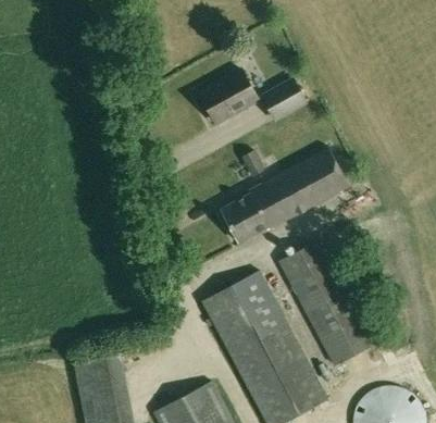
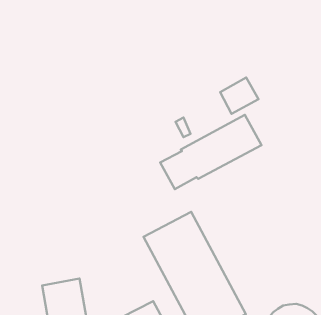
building: [199,70,258,123] -> none
building: [260,76,308,122] -> [220,77,258,114]
building: [278,238,376,365] -> none

